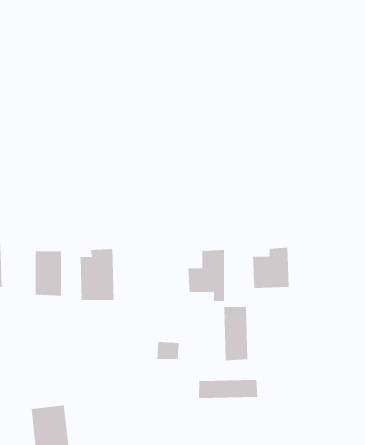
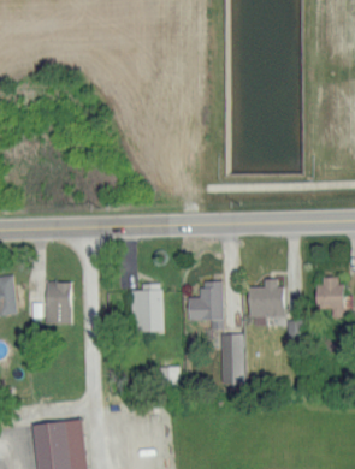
building: none -> [316,277,342,319]
building: [80,249,115,300] -> [130,283,162,331]
building: [198,379,258,399] -> none

